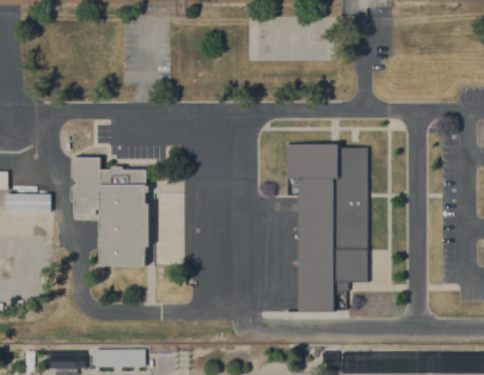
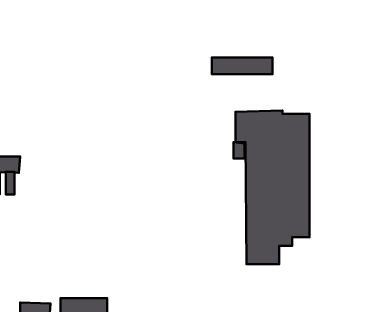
building: none -> [212,57,272,74]
building: [71,158,148,265] -> none

